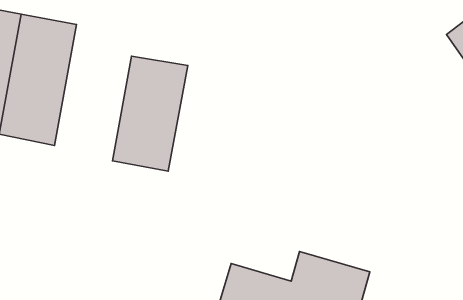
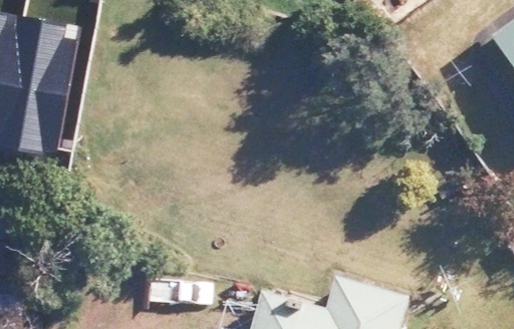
building: [112,56,188,171] -> none

